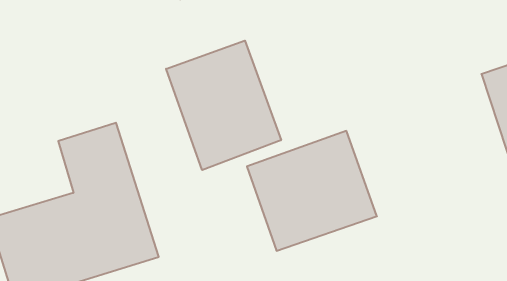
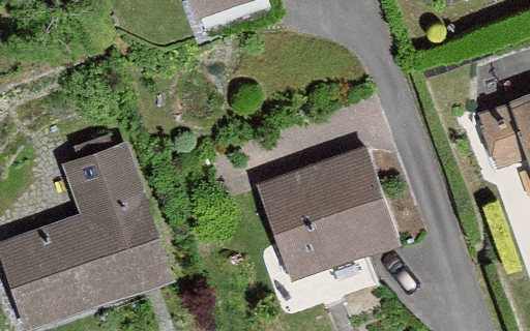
building: [166,41,281,170] -> none

